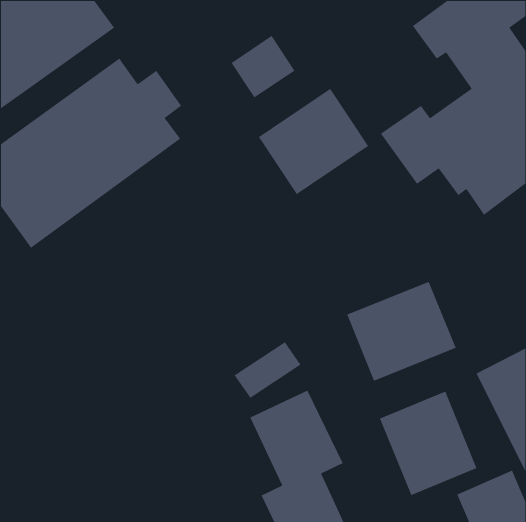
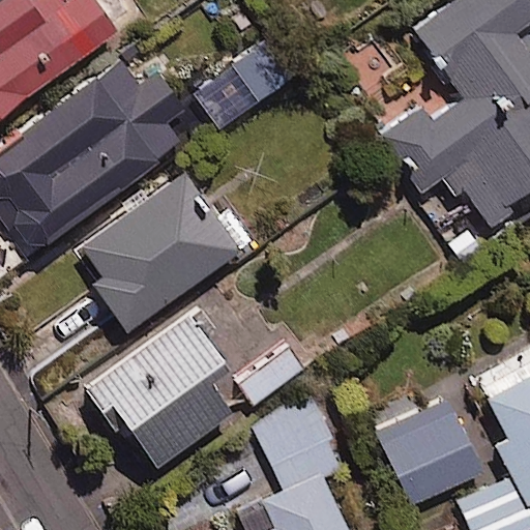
building: [258,88,369,195] -> none
building: none -> [76,176,252,328]
building: [346,281,457,382] -> none
building: none -> [96,316,232,467]

